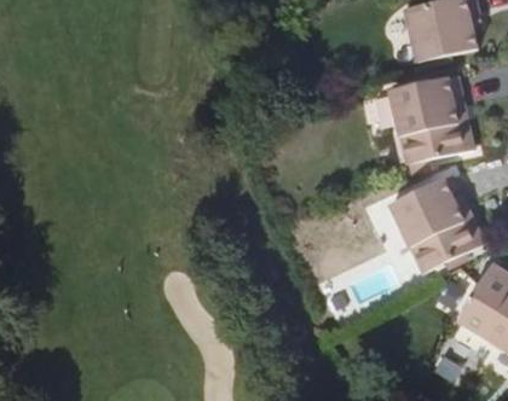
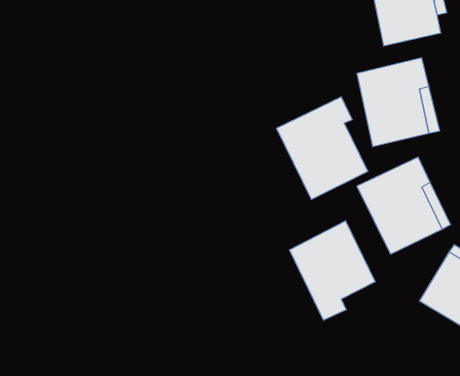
building: none -> [277,97,368,199]
building: none -> [290,221,375,320]

